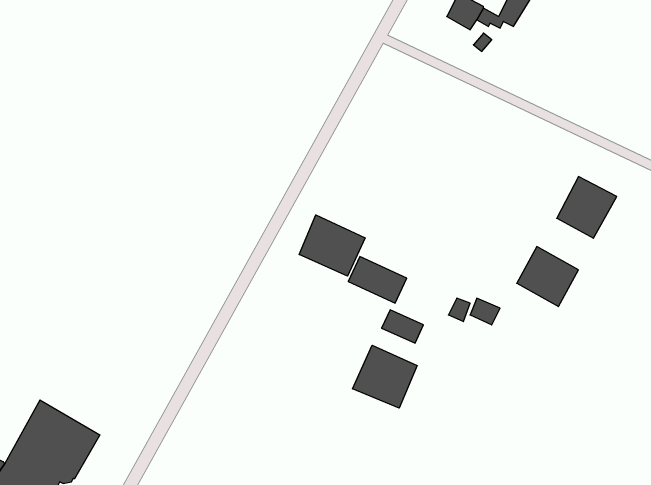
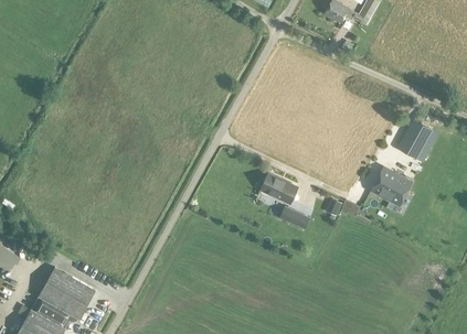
building: [299,215,365,276] -> none
building: [353,345,417,408] -> none

